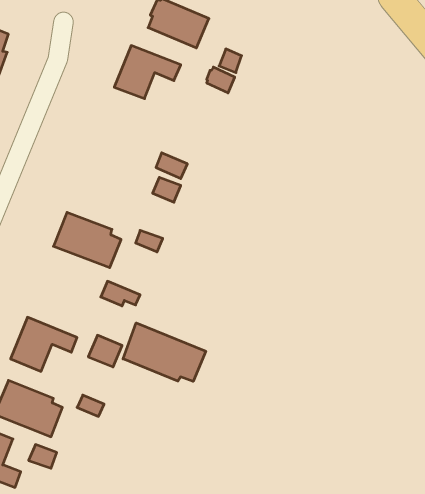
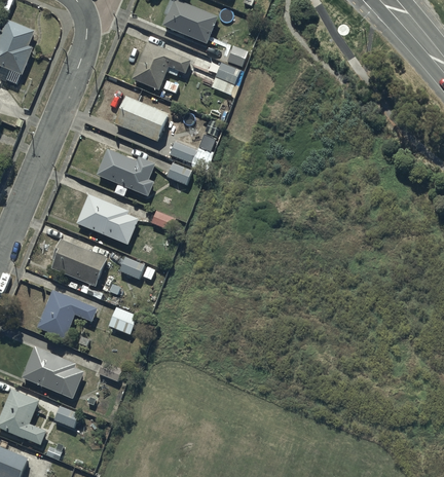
building: none -> [115,96,170,142]
building: none -> [97,149,156,197]
building: none -> [51,240,107,287]
building: [123,323,206,381] -> none

